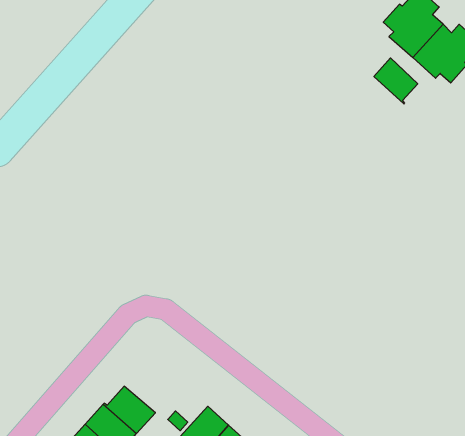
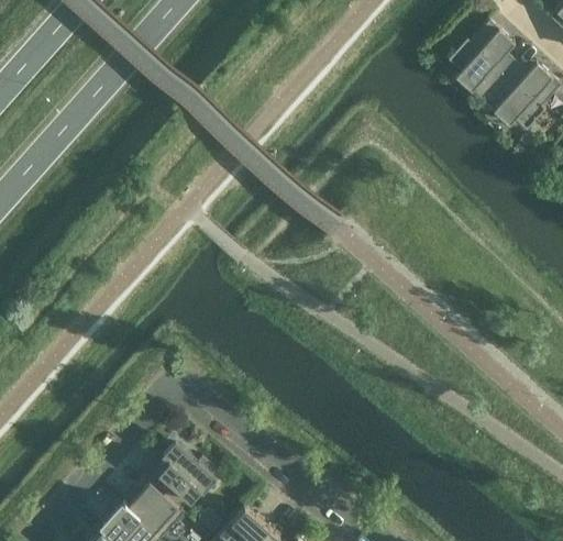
building: [374,58,418,104] -> none
building: none -> [147,446,217,514]

